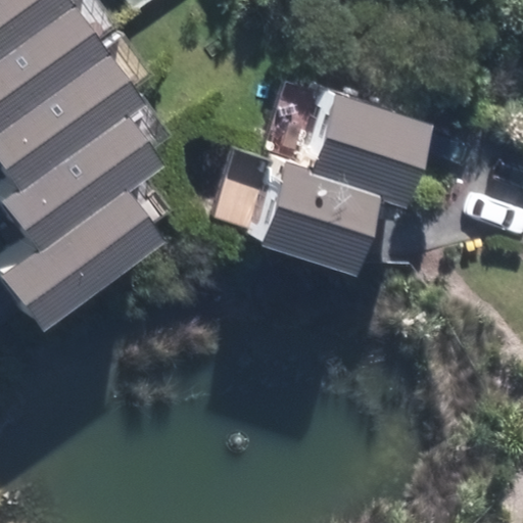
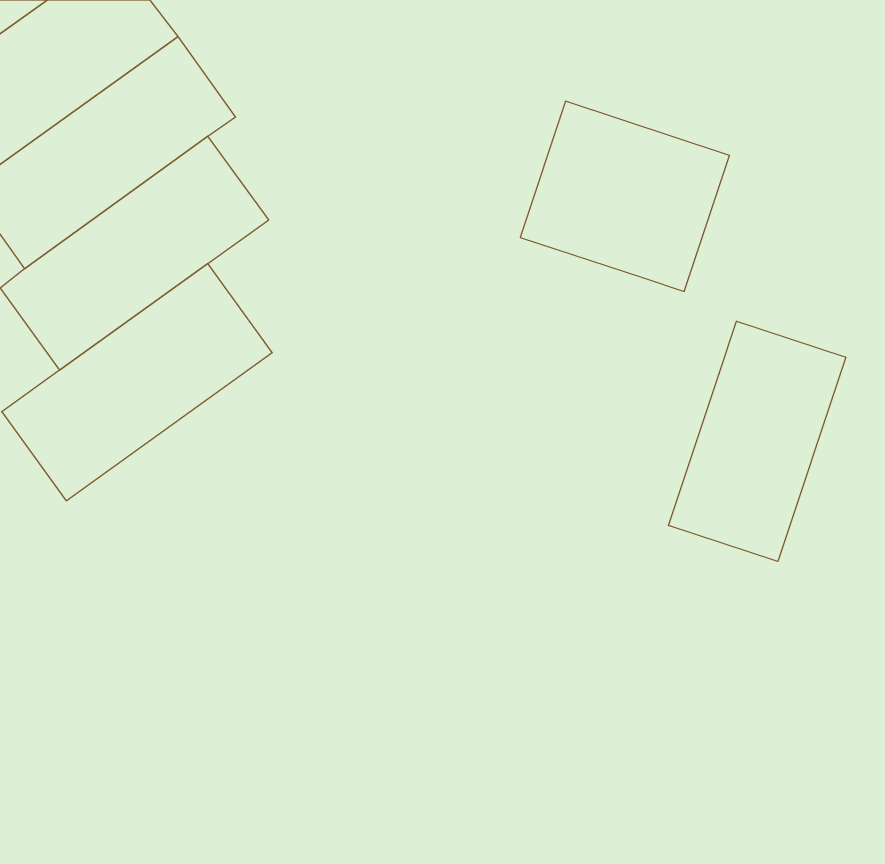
building: [255,147,376,254] -> none
building: none -> [668,321,846,561]

